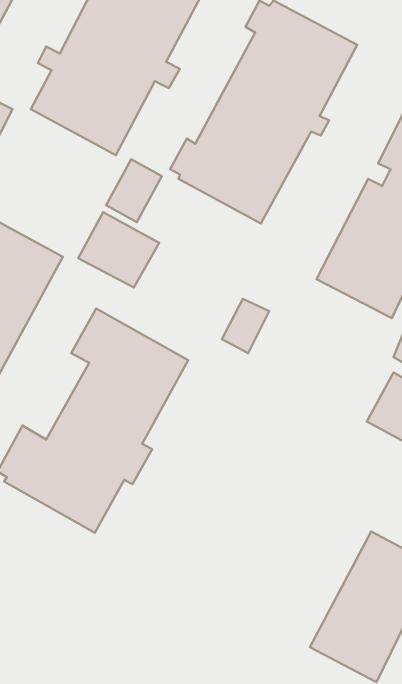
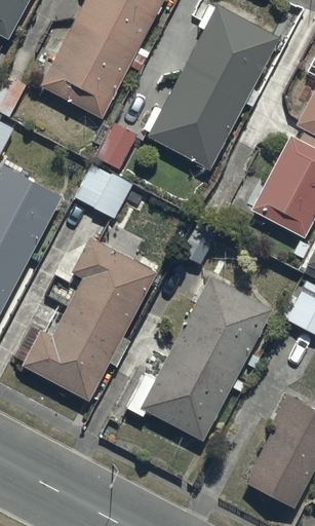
building: none -> [126,276,272,441]

